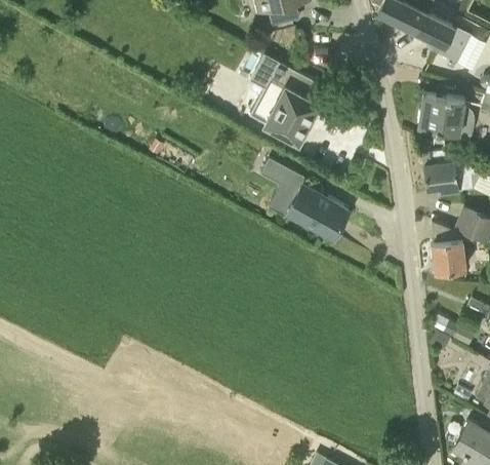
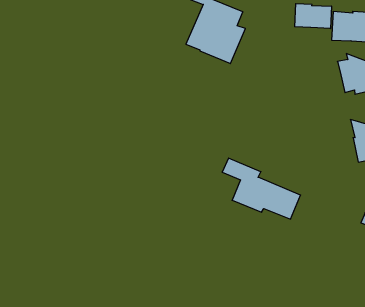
building: none -> [295,4,331,29]
building: [260,159,349,237] -> [222,158,301,219]

